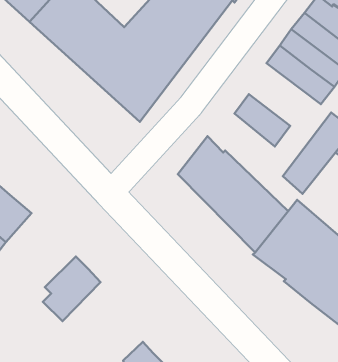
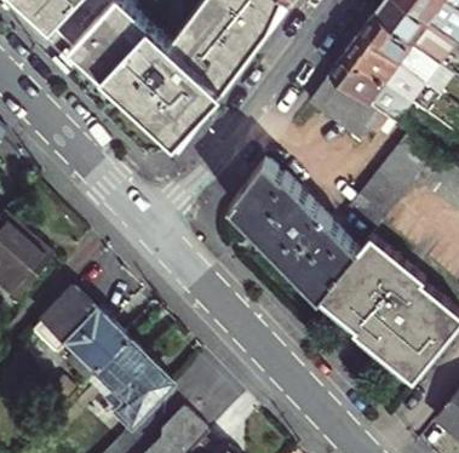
building: [235,94,290,147] -> [310,80,375,142]
building: none -> [31,283,104,355]
building: none -> [88,336,176,424]

